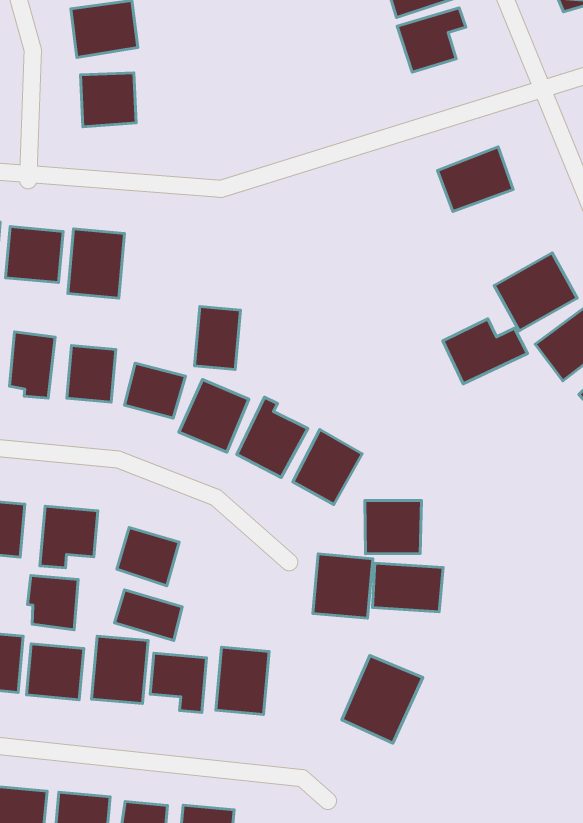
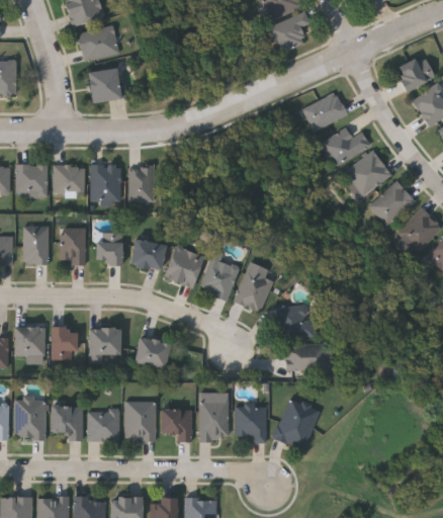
building: [194,306,241,370] -> [128,165,153,200]
building: [443,319,528,384] -> [320,128,370,168]
building: [313,554,373,618] -> [234,404,266,439]
building: [28,575,78,630] -> none
building: [115,590,182,640] -> none

